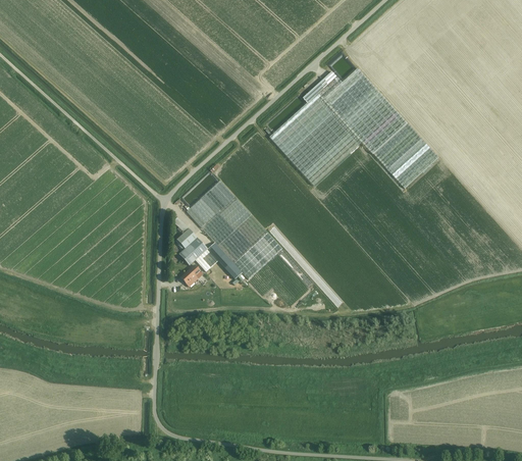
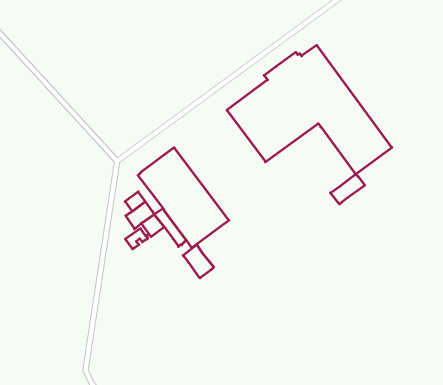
building: none -> [330,174,365,204]
building: none -> [183,244,214,278]

